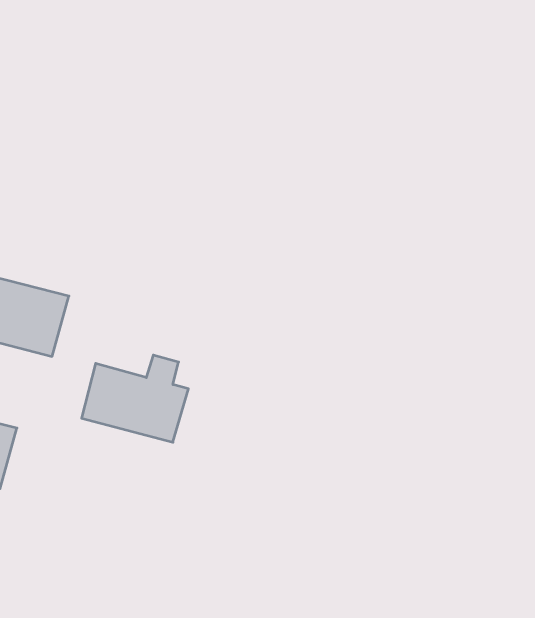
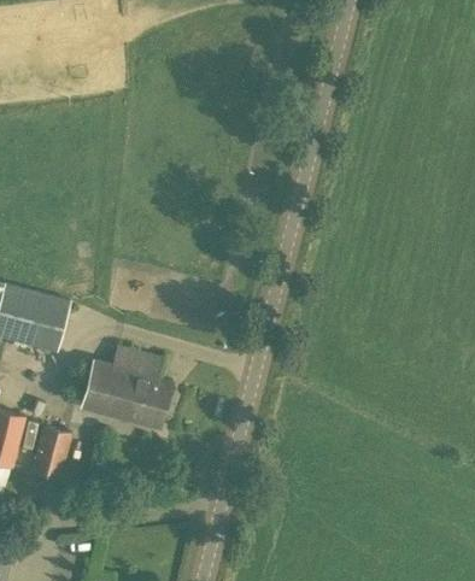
building: none -> [30,426,72,480]

